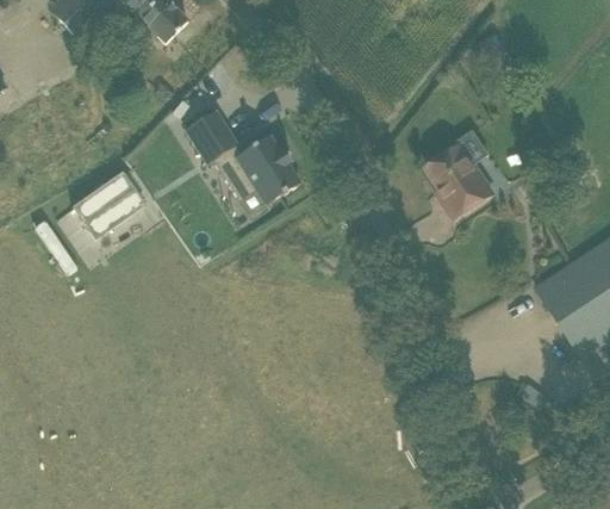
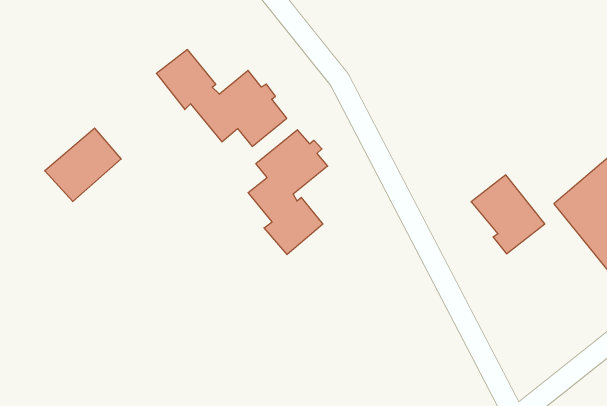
building: [428,143,493,216] -> [471,175,545,254]
building: none -> [248,130,328,255]

